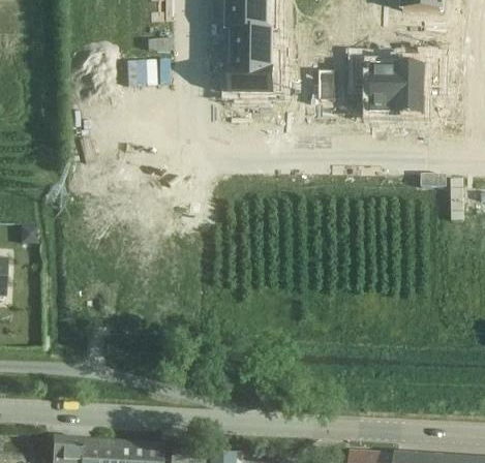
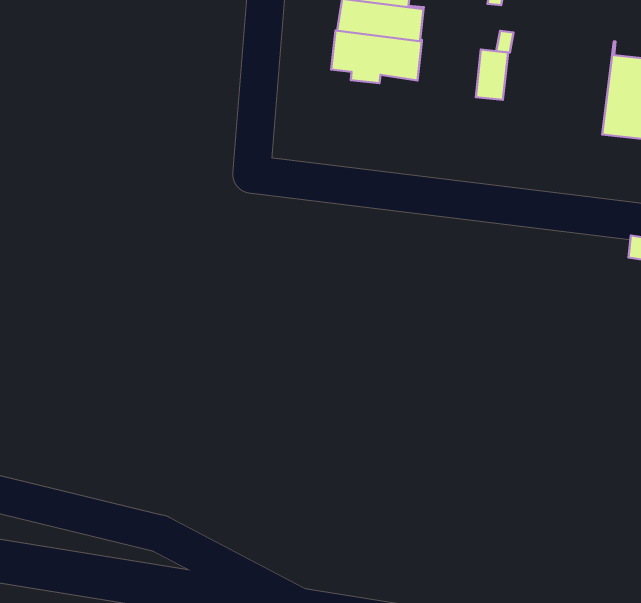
building: [354,58,397,116] -> none

